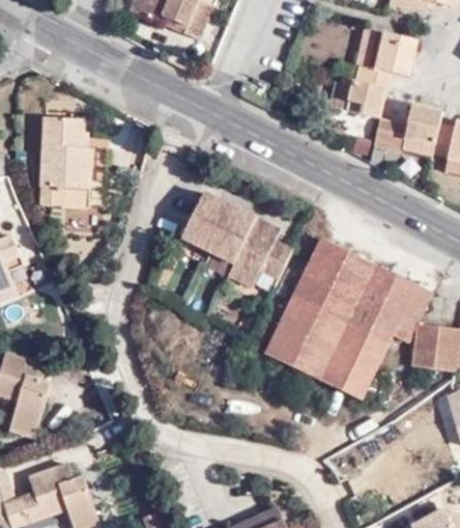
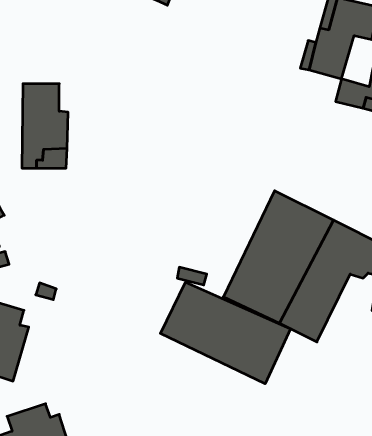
building: [180,189,292,286] -> none
building: none -> [160,282,291,384]

